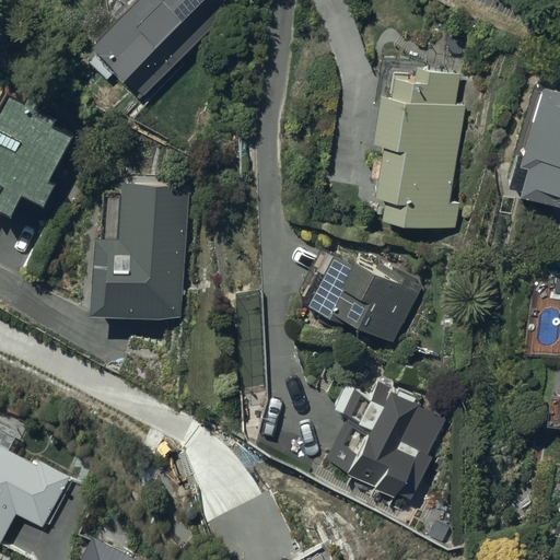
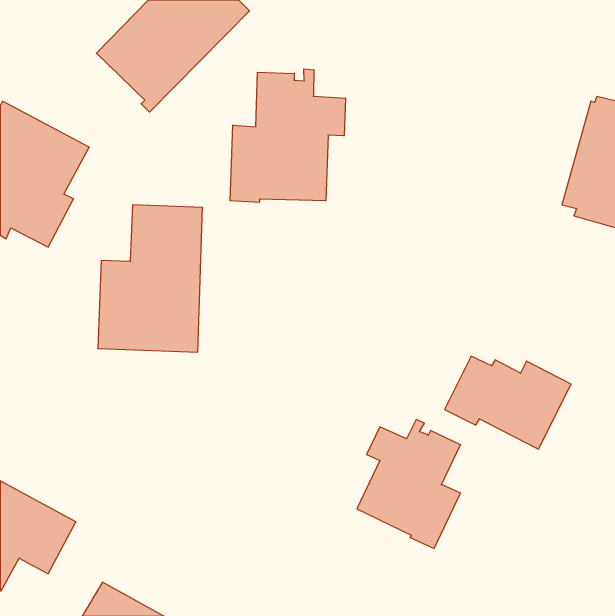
building: none -> [230,69,345,202]
building: [369,69,464,228] -> none
building: [306,259,421,343] -> [445,356,571,449]

